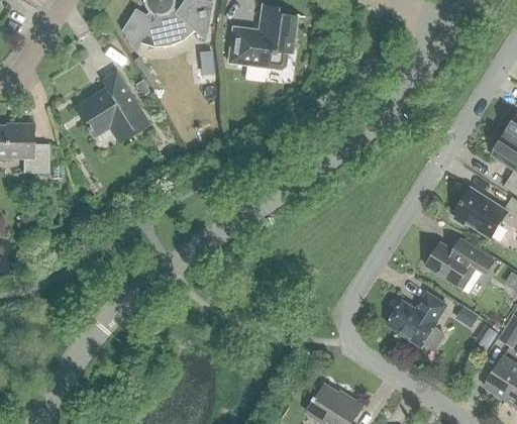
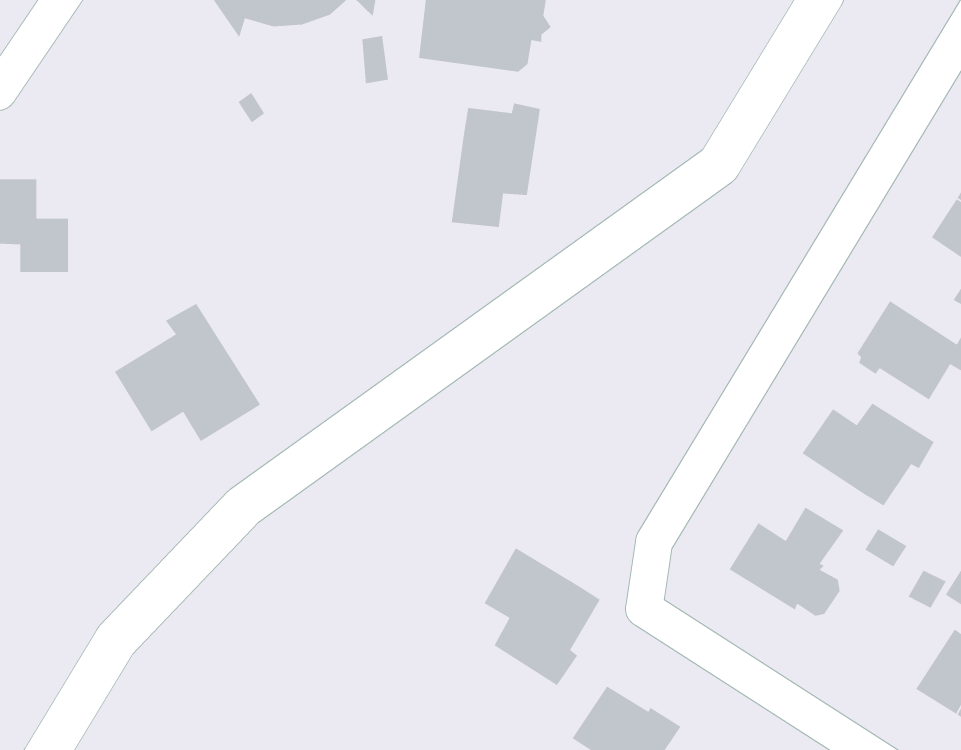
building: [74,71,149,142] -> [114,303,261,442]
building: none -> [451,102,541,228]
building: none -> [484,547,601,686]

